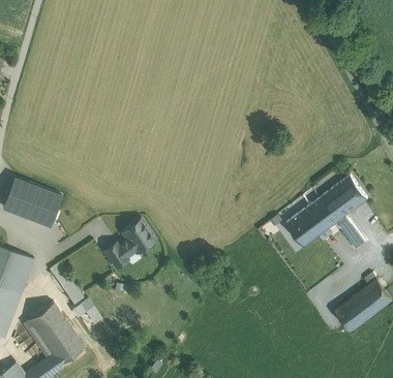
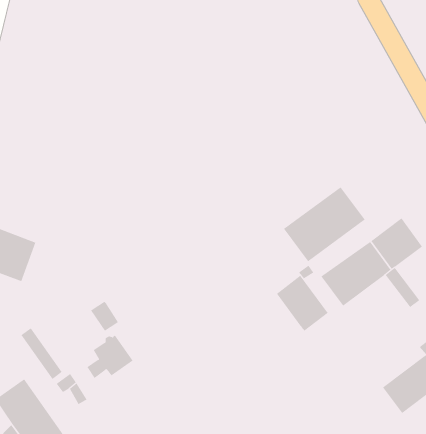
building: none -> [283,186,365,262]
building: [118,218,155,253] -> [86,334,134,379]
building: none -> [276,275,328,332]

